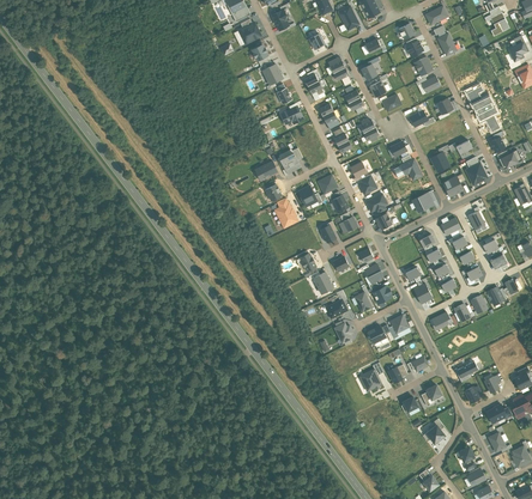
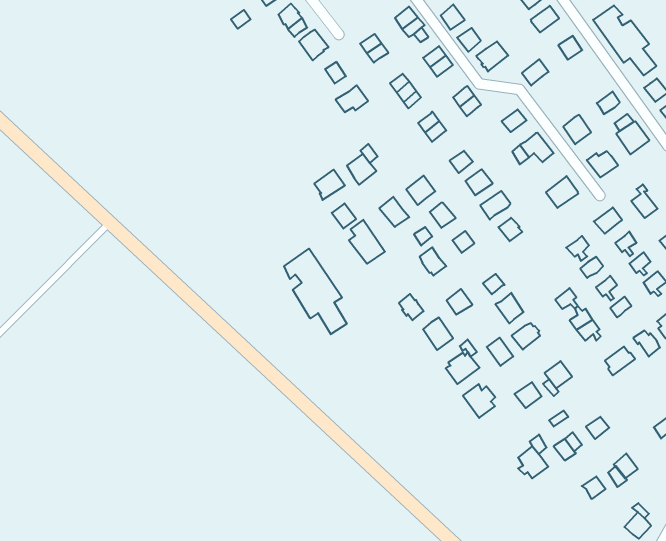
building: none -> [284,249,347,334]

